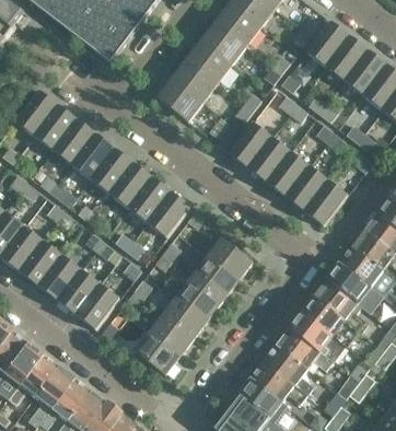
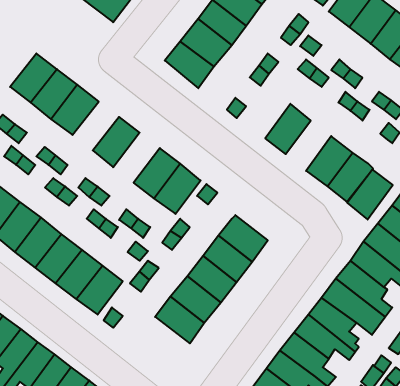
building: [230,123,272,168] -> none
building: [73,135,116,179] -> none
building: [268,152,310,198] -> [347,169,393,220]
building: [110,163,153,209] -> none
building: [125,331,180,375] -> none

